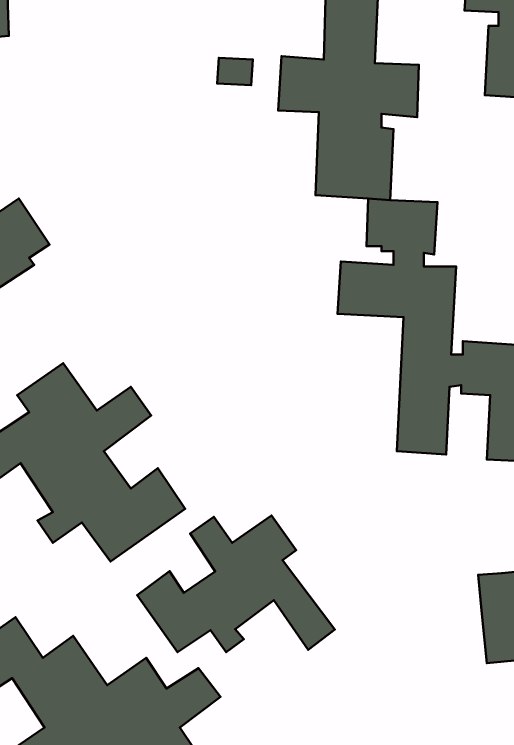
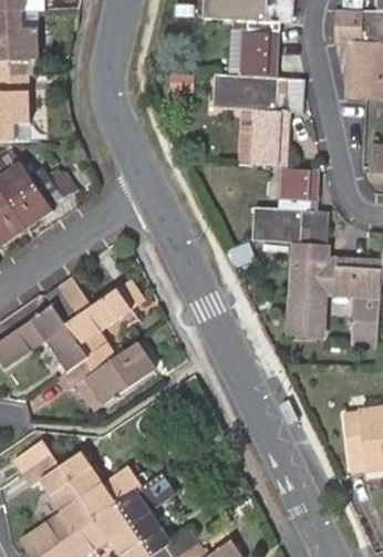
building: [137,515,335,652] -> none

